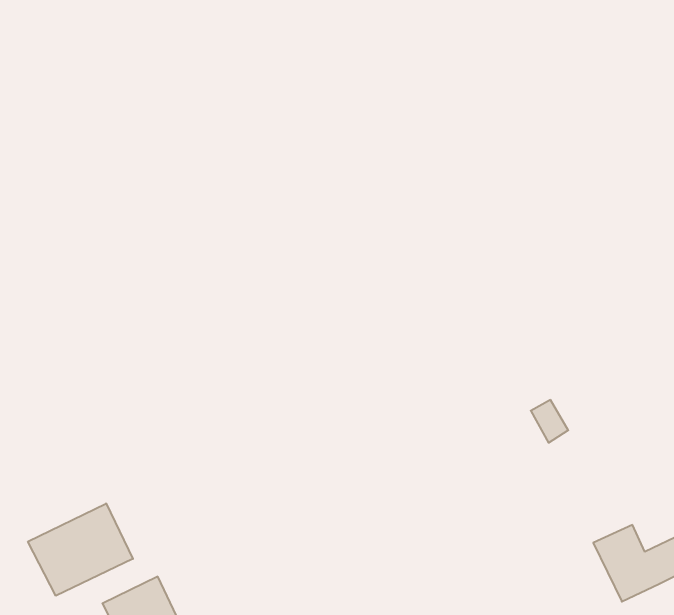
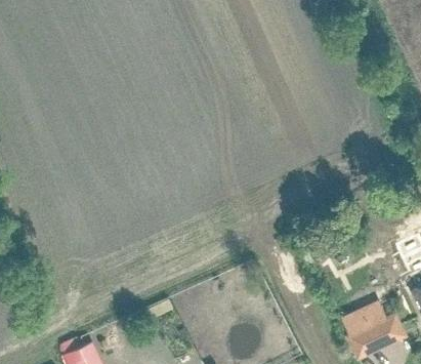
building: [28,503,133,596] -> none

